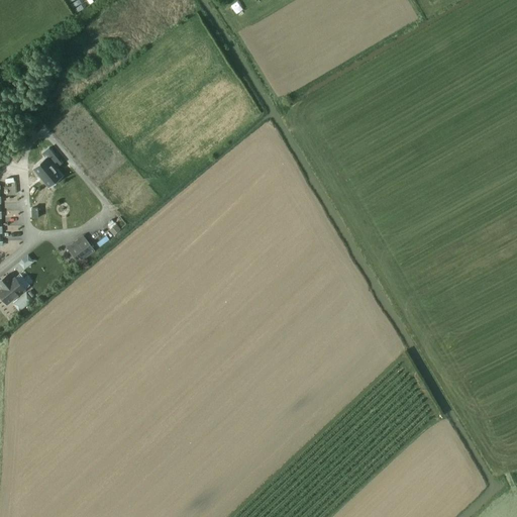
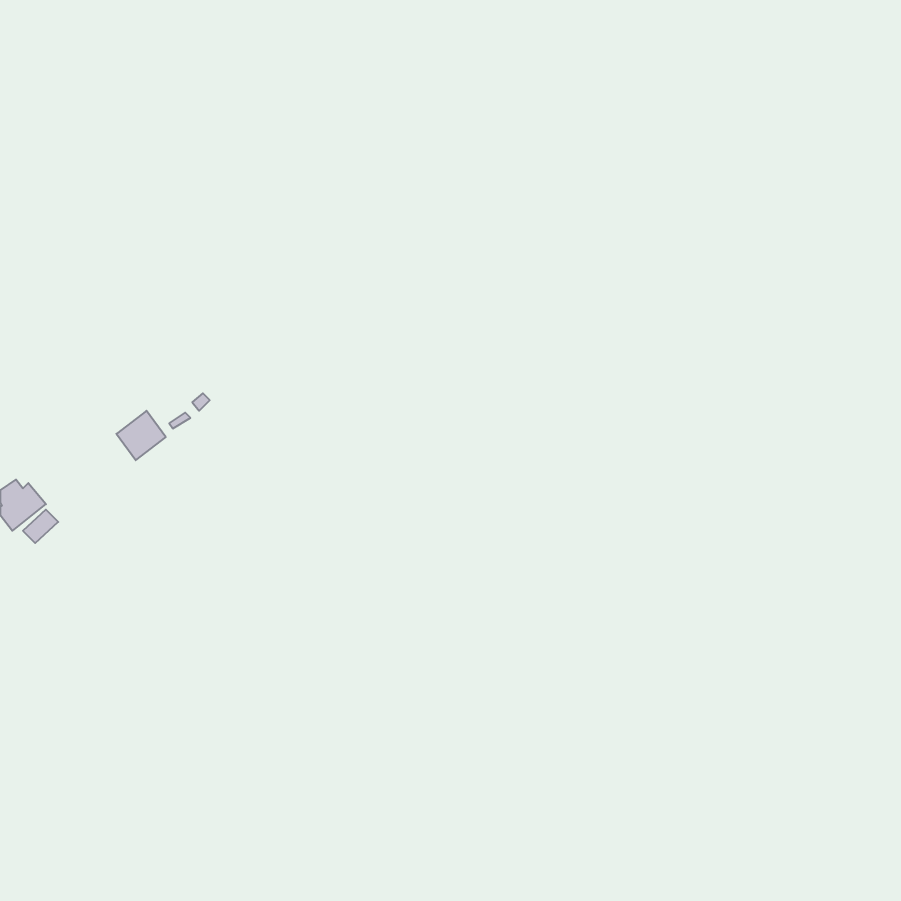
building: [33,148,63,188] -> none

